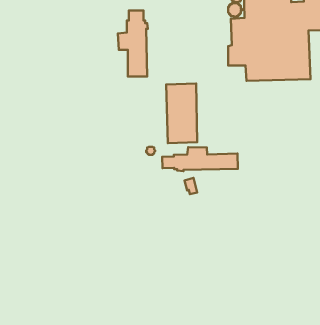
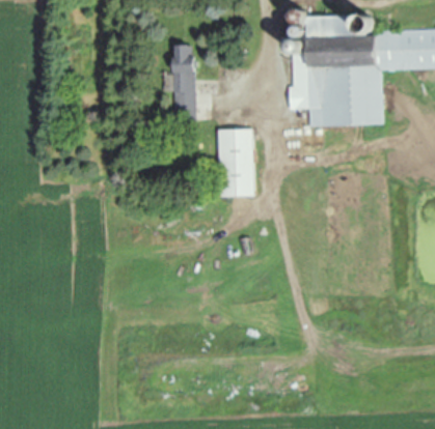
building: [162,147,238,171] -> none

